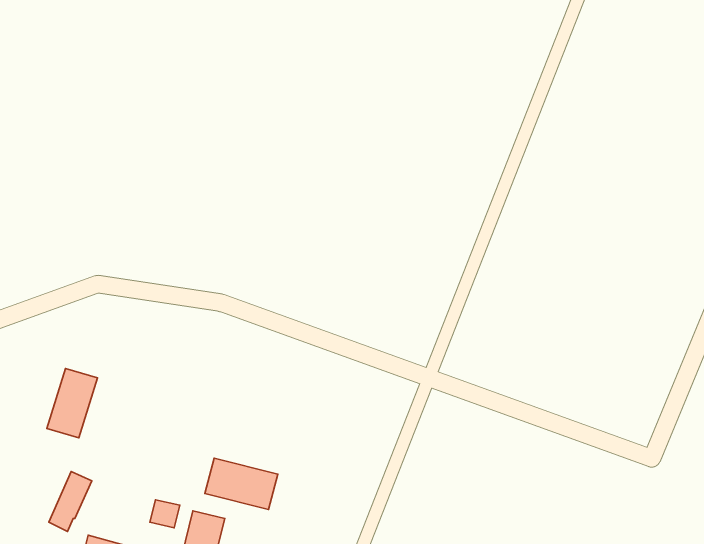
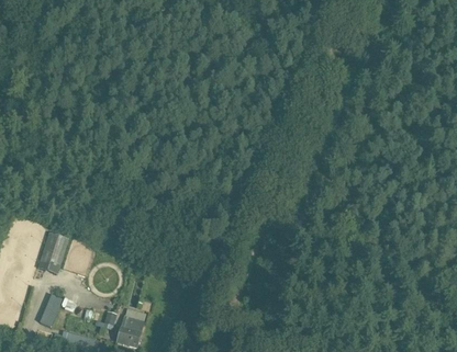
building: [205,458,278,510] -> none

